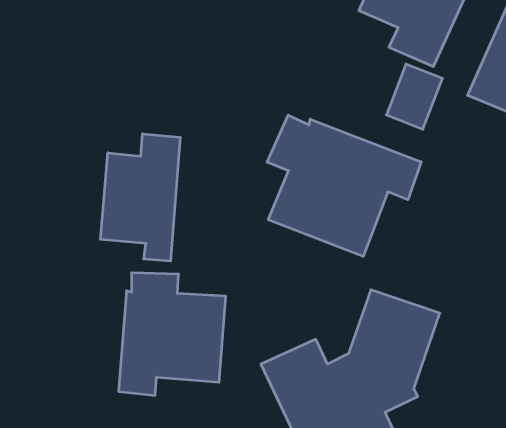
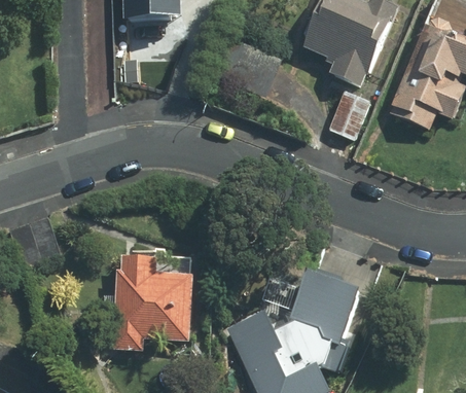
building: [267,115,421,256] -> none
building: [100,134,180,261] -> none

